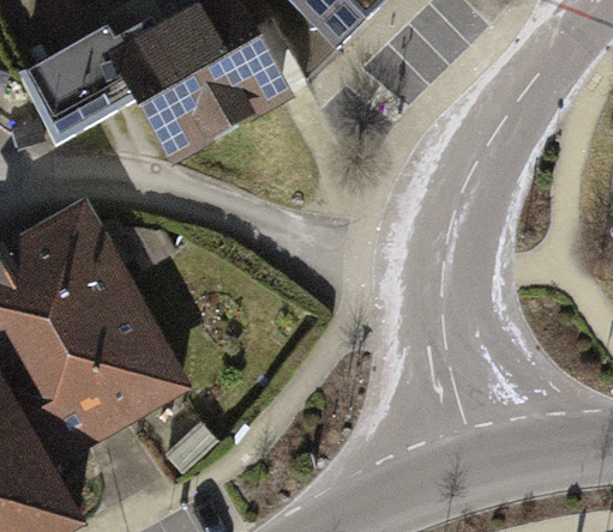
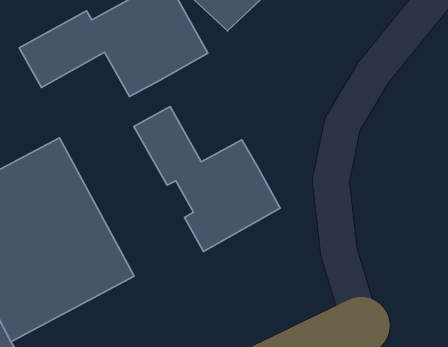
building: none -> [134,106,280,251]

